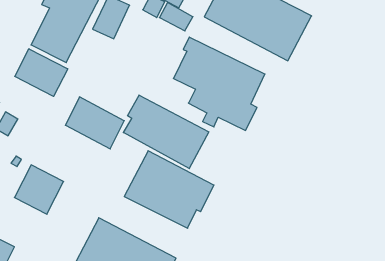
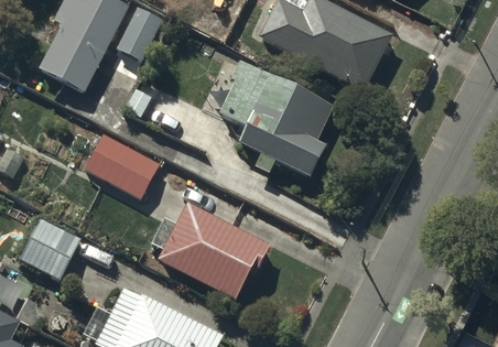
building: [15,49,68,96] -> none
building: [123,95,209,169] -> none

